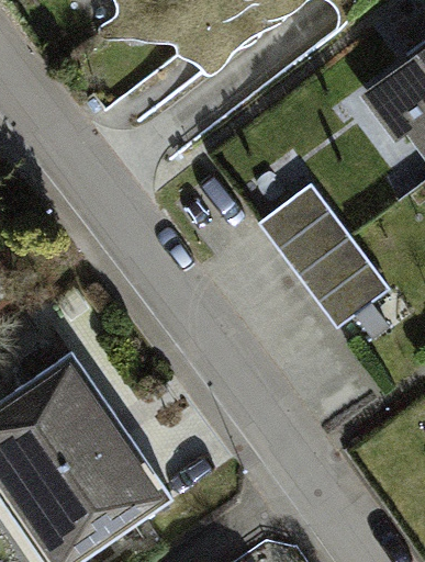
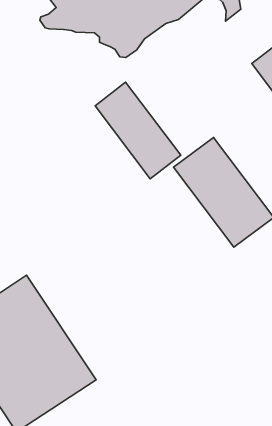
building: none -> [95,82,181,179]

